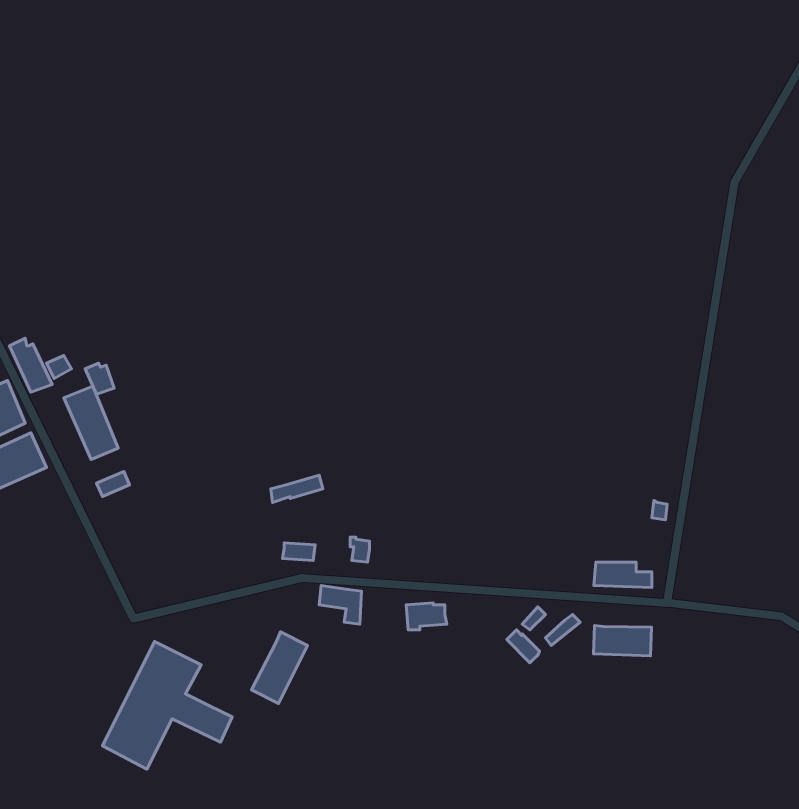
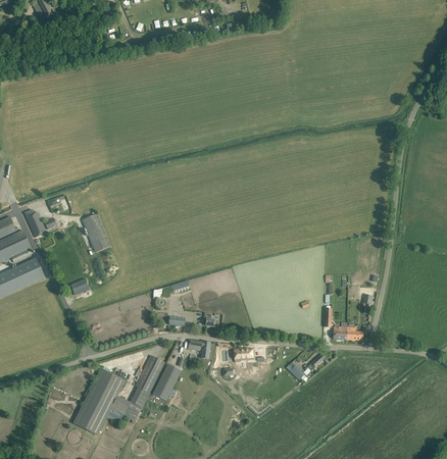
building: [64,386,118,460] -> [81,212,109,251]
building: none -> [129,354,164,407]
building: [594,625,652,656] -> none

